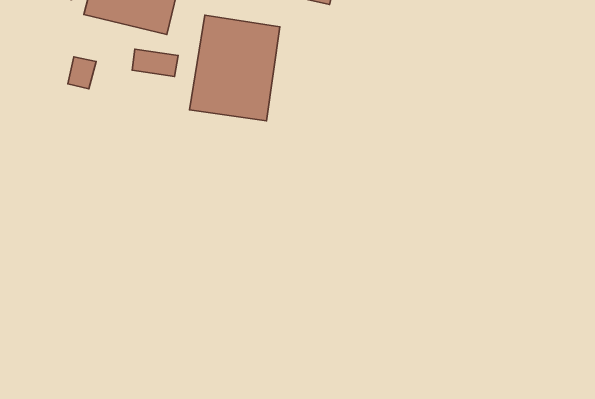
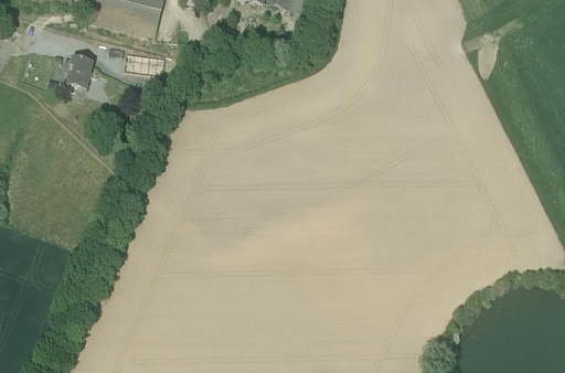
building: [190,15,280,121] -> none

